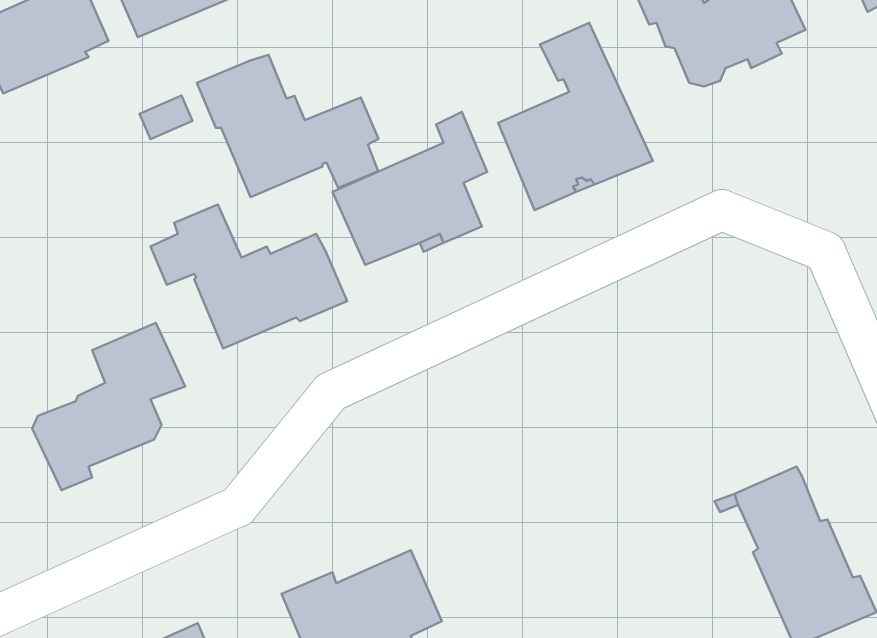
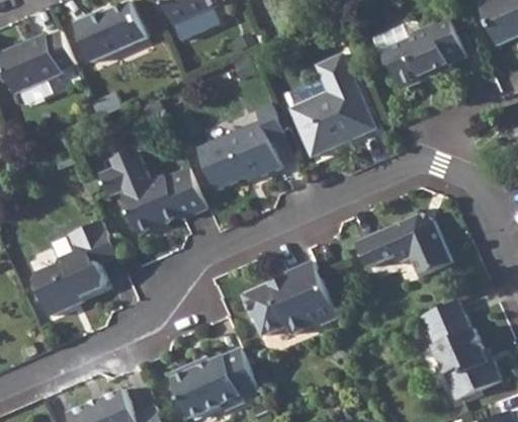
building: [197,55,379,197] -> none
building: none -> [357,216,451,278]
building: none -> [243,261,338,335]

